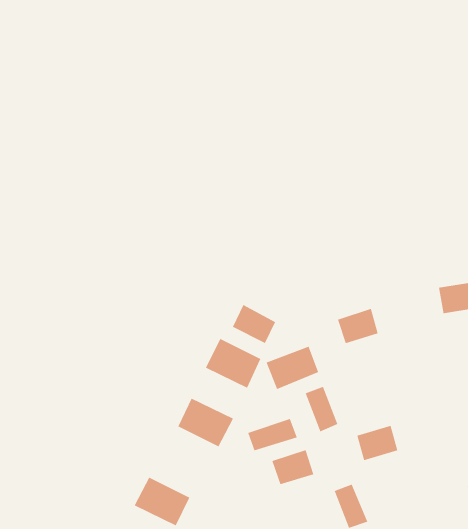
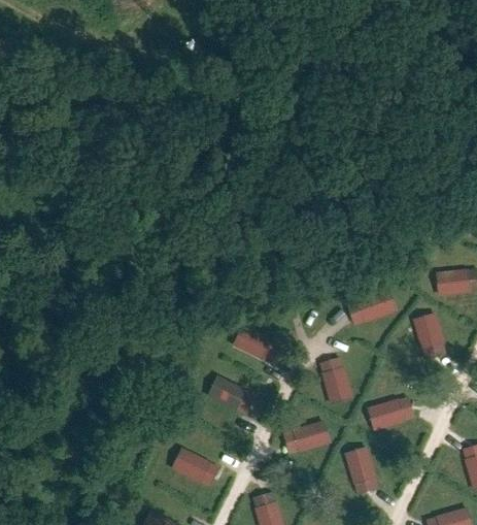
building: [232,304,276,344] -> none
building: none -> [412,314,442,355]
building: [266,346,319,390] -> none
building: [247,418,298,451] -> none

